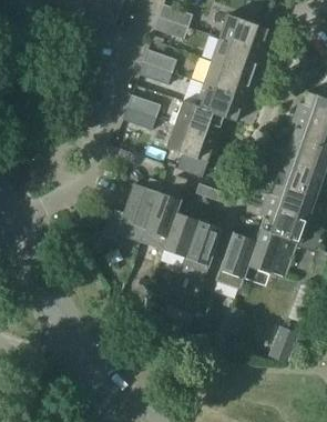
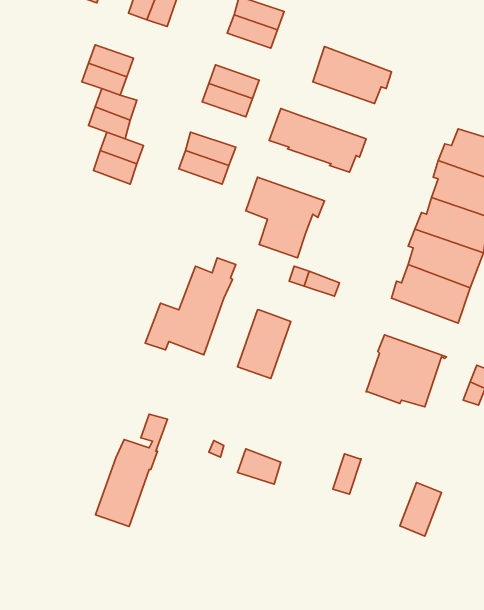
building: [218,13,267,53] -> none
building: [202,60,252,98] -> none
building: [174,99,223,139] -> none
building: [139,174,186,249] -> [96,414,168,527]
building: [258,203,307,242] -> none
building: [178,219,222,279] -> none
building: [213,231,255,291] -> none

